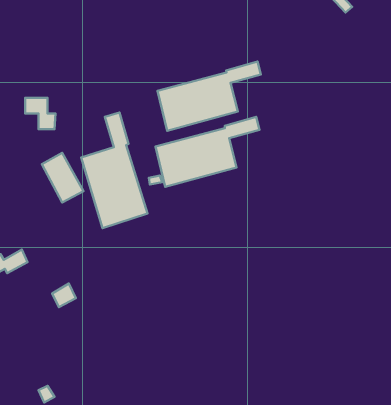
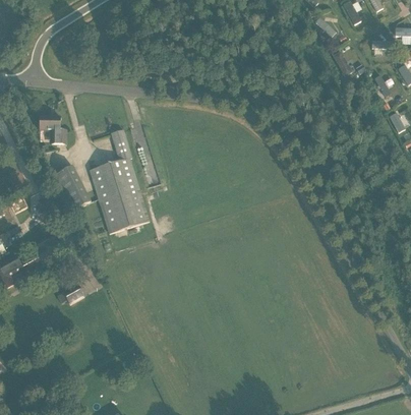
building: [157,62,261,131] -> none
building: [155,117,260,187] -> none

